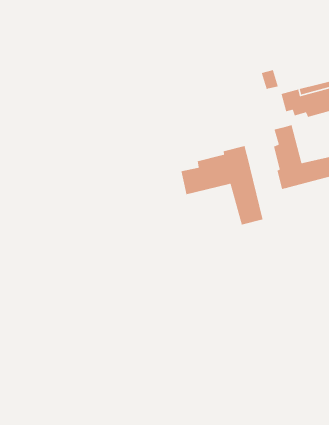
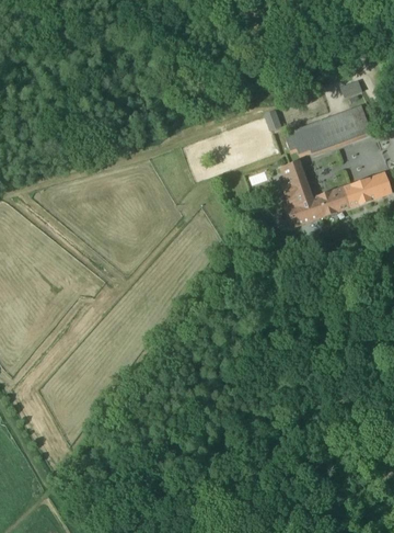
building: [180,145,264,226] -> none

